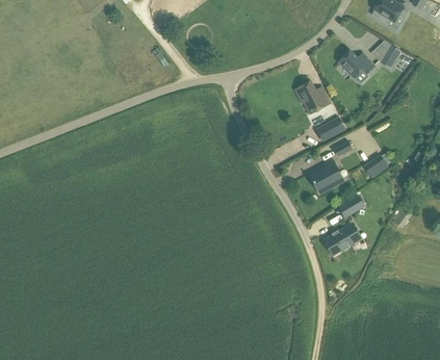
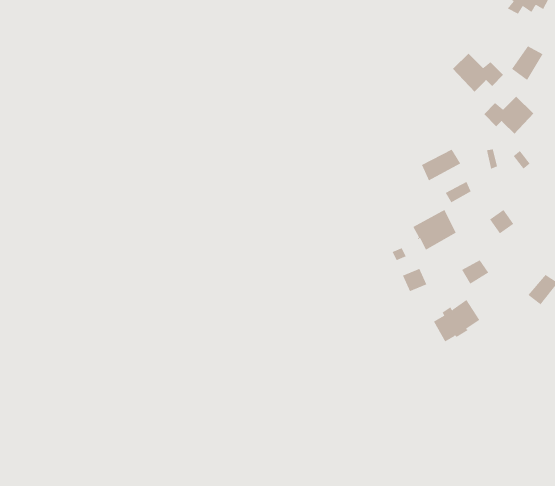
building: [295,80,330,111] -> none
building: none -> [483,96,534,135]

